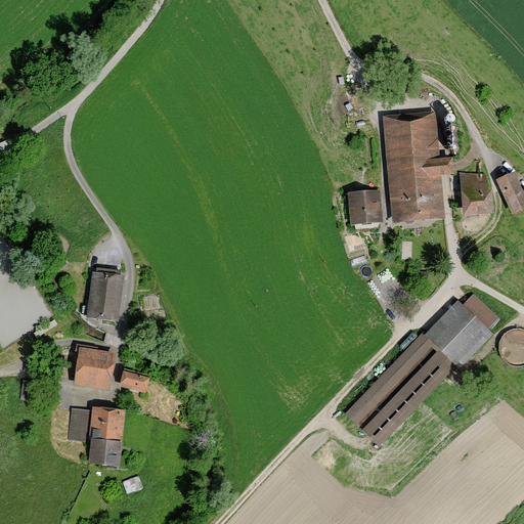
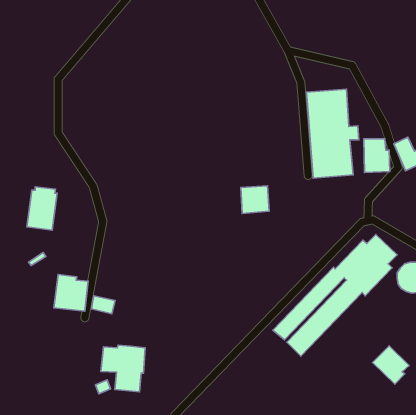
building: [345,190,381,225] -> [241,186,269,214]
building: [85,268,123,322] -> [27,187,57,230]
building: [69,406,124,465] -> [101,345,145,392]
building: none -> [372,346,409,384]

